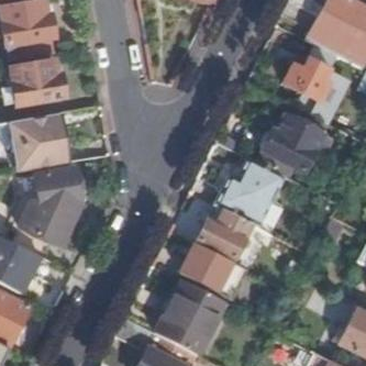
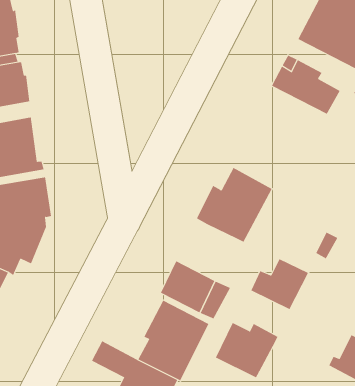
building: [260,115,323,170] -> none
building: [198,210,252,257] -> [250,258,309,310]
building: none -> [215,322,278,378]

